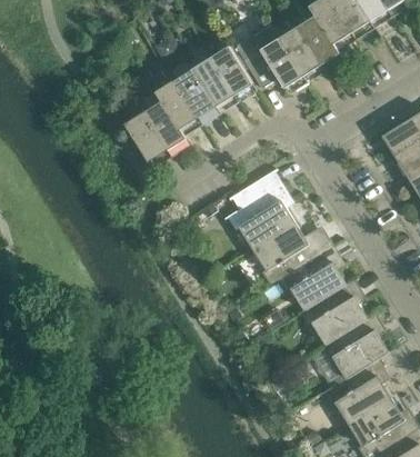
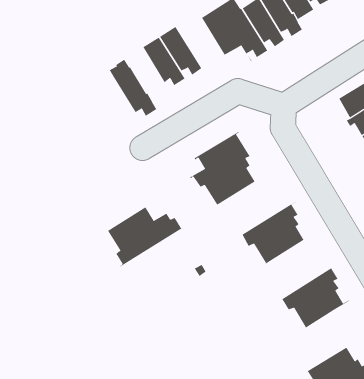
building: [209,44,256,101] -> none
building: [154,79,201,131] -> none
building: [123,111,170,163] -> none
building: [252,221,336,286] -> [107,207,186,267]
building: [297,276,378,348] -> none
building: [319,358,390,423] -> none

